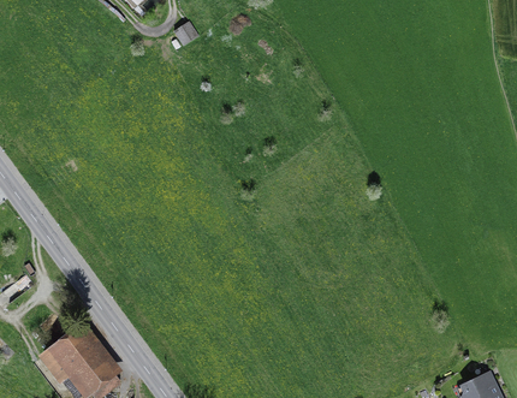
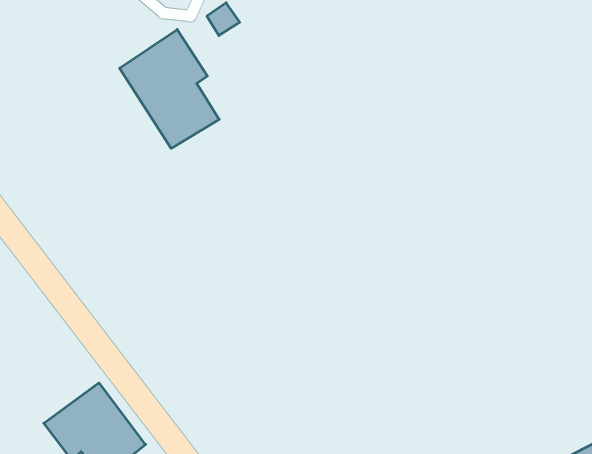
building: none -> [120,29,219,148]

